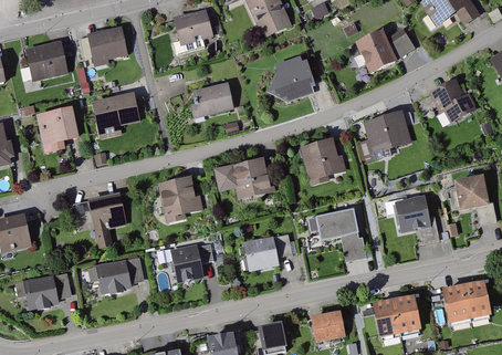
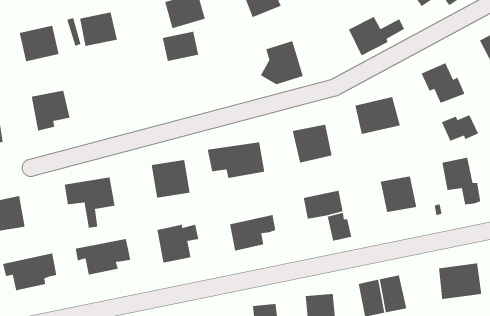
building: [194,85,231,116] -> [162,31,199,62]
building: [93,95,140,136] -> none
building: none -> [441,114,479,142]

